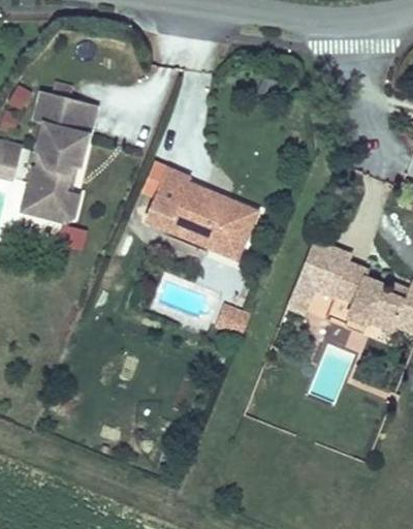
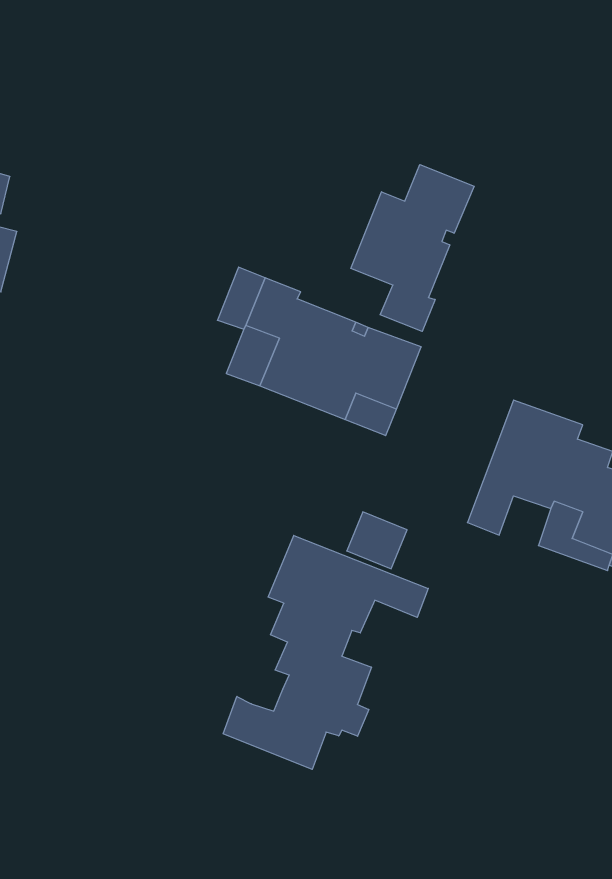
building: [19,86,99,222] -> none
building: none -> [351,165,474,331]
building: none -> [223,535,428,769]

